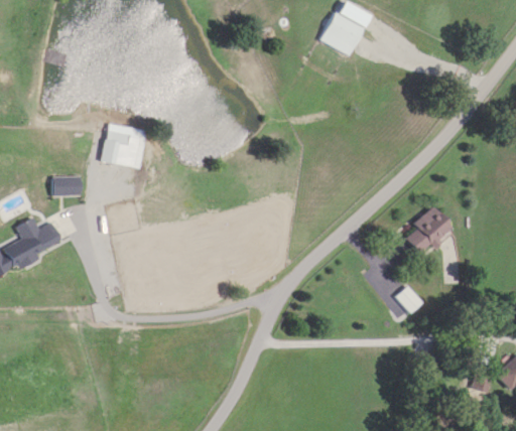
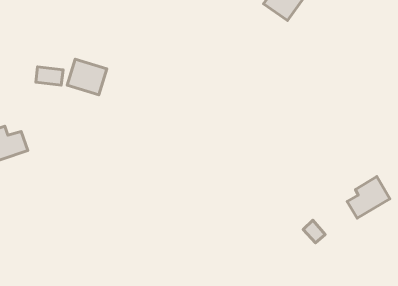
building: [51,176,82,194] -> [36,67,63,85]
building: [405,203,455,255] -> [347,177,390,218]

